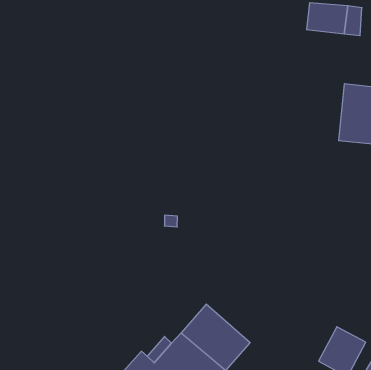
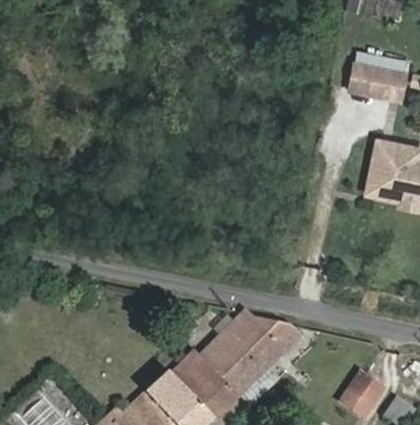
building: none -> [228,313,300,373]

